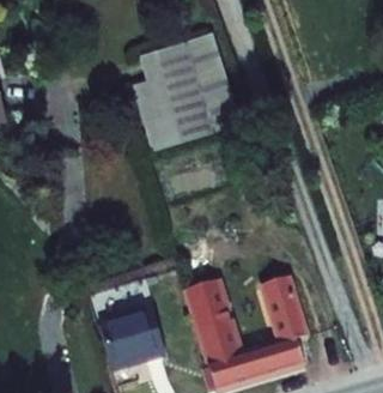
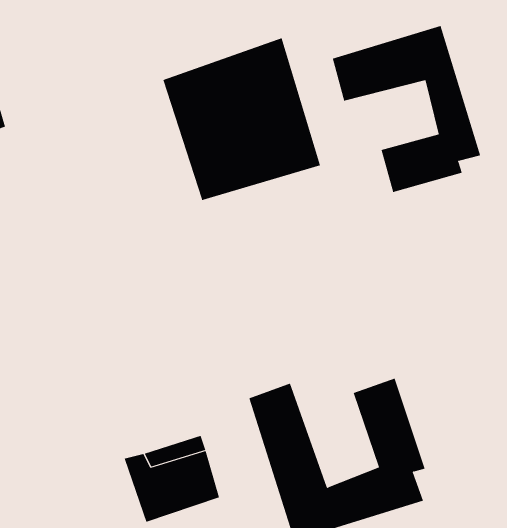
building: none -> [332,25,481,193]

